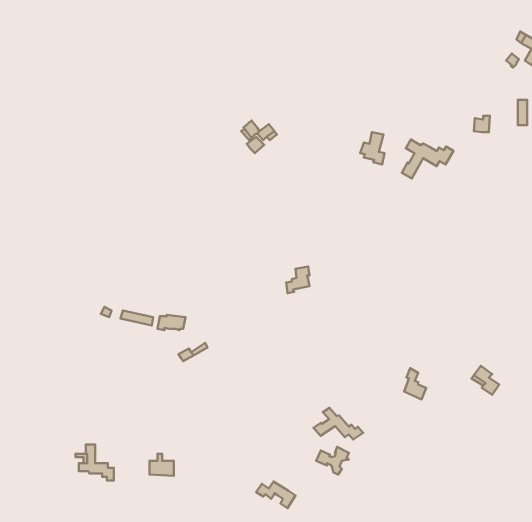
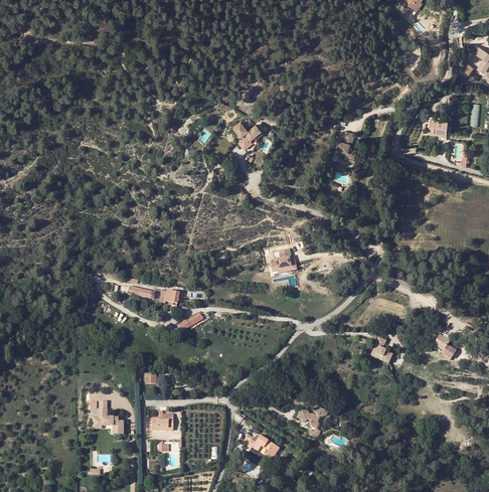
building: [402,139,453,178] -> none
building: [313,408,363,440] -> none

